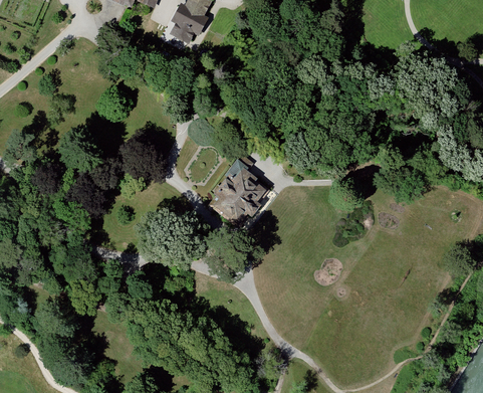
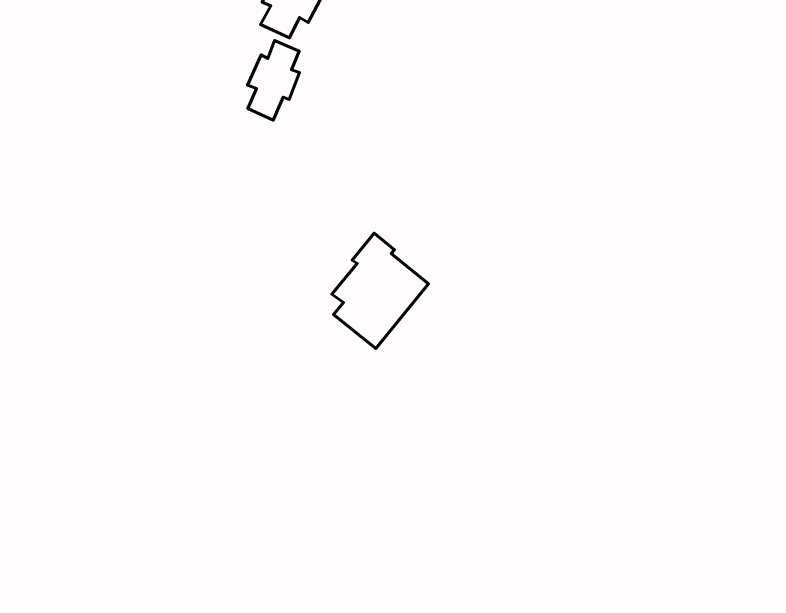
building: none -> [248,41,299,120]

